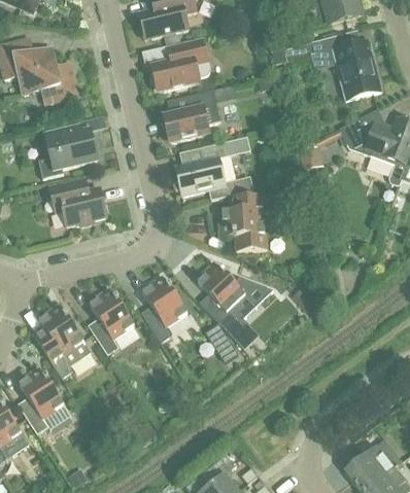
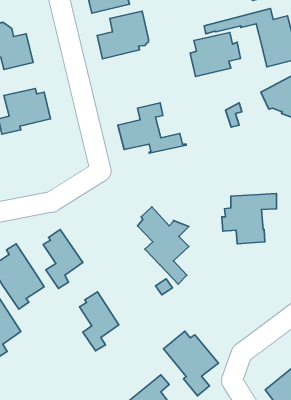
building: [163,91,220,141] -> [190,32,241,76]
building: [49,179,106,225] -> none
building: [218,192,281,250] -> [222,193,277,244]
building: [142,274,187,342] -> [79,292,119,351]
building: none -> [164,331,218,396]

